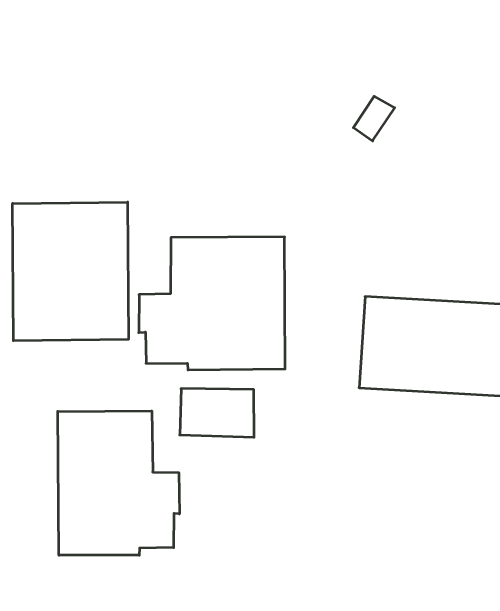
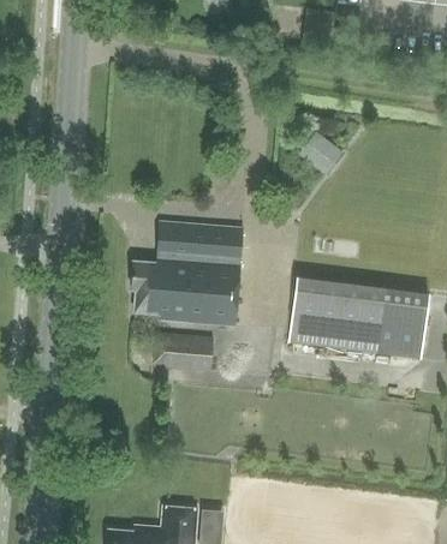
building: [13,202,128,341] -> none
building: [58,411,179,555] -> none

